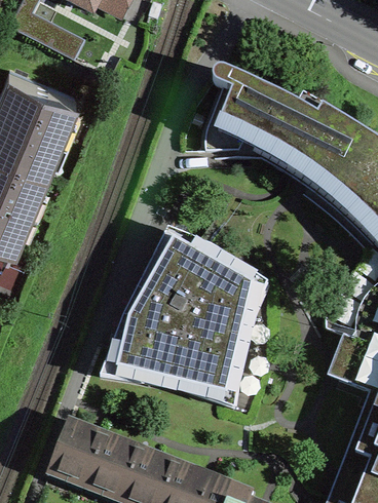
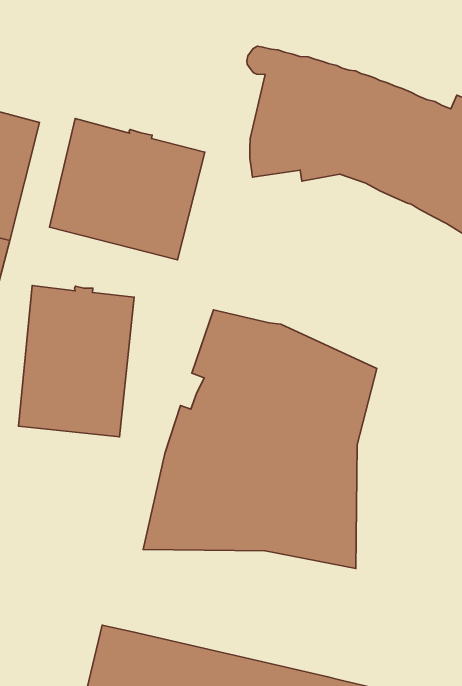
building: none -> [49,119,205,260]
building: none -> [19,285,134,437]

